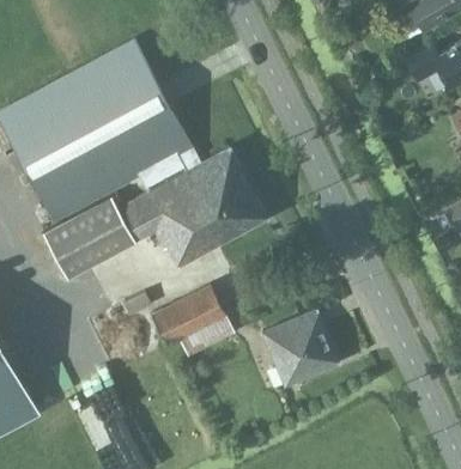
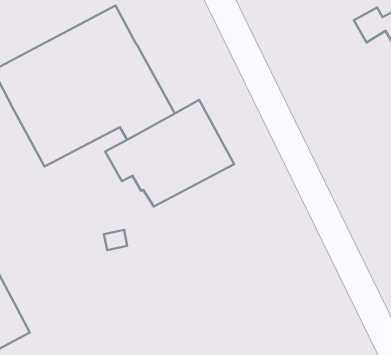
building: [43,195,141,278] -> none
building: [151,286,235,358] -> none
building: [262,311,339,388] -> none

